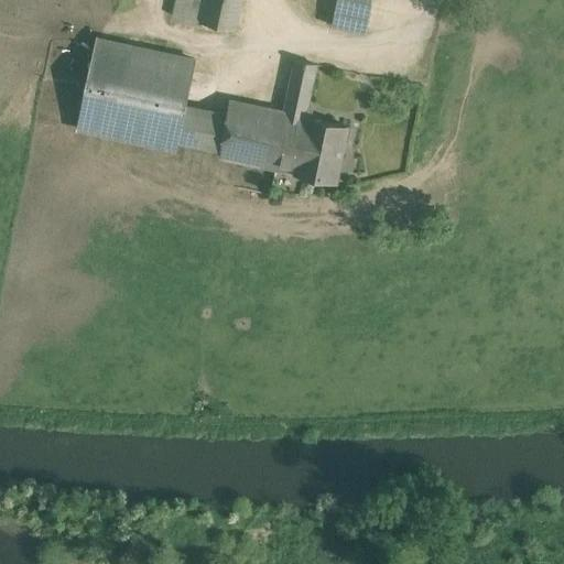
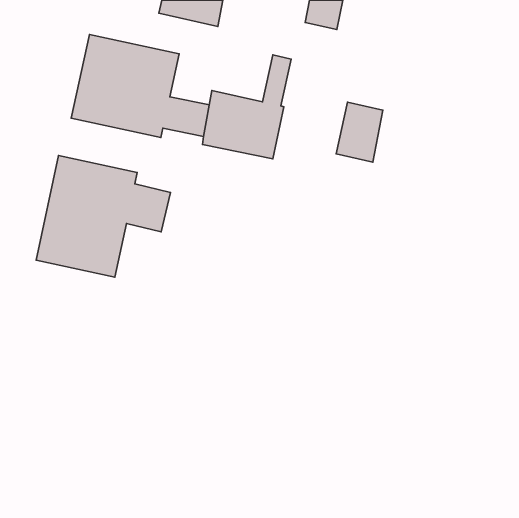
building: [295,118,346,183] -> [336,102,383,162]
building: none -> [36,155,170,277]

